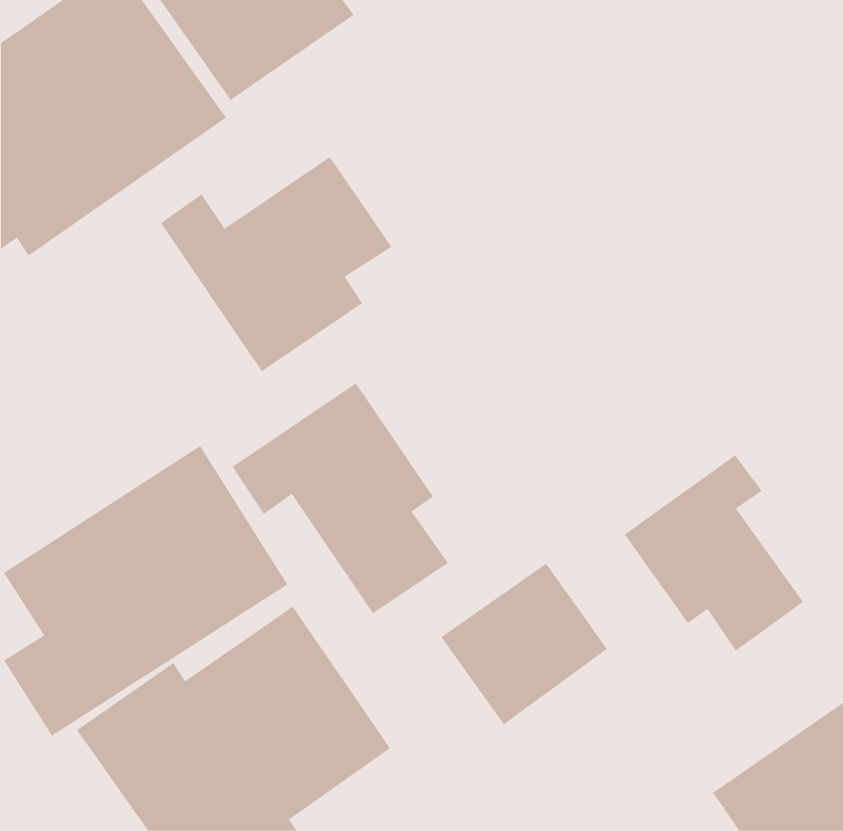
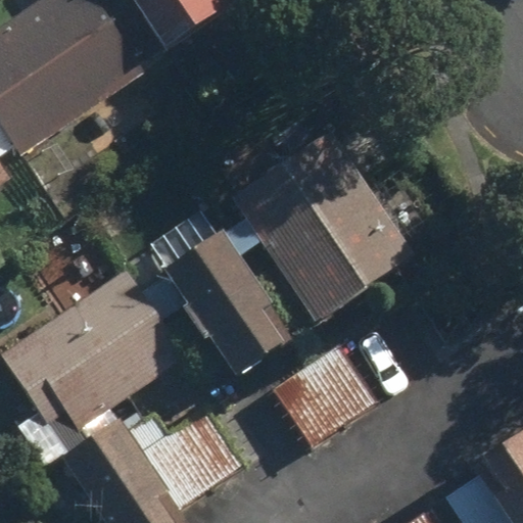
building: [160,156,392,372] -> none
building: none -> [225,130,413,317]
building: [624,454,804,651] -> none

